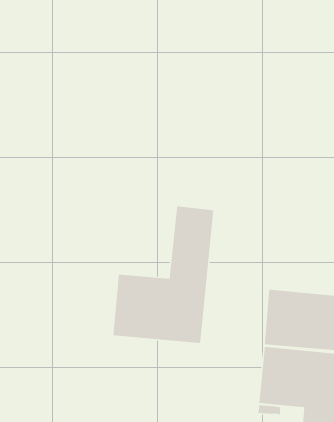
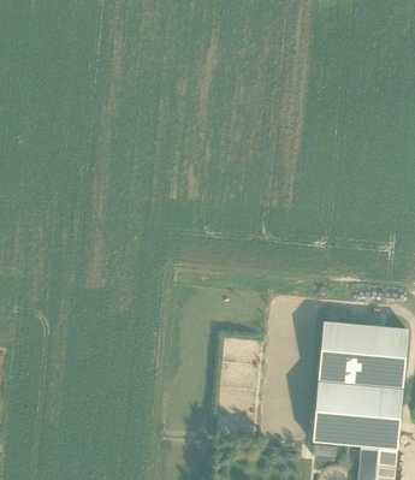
building: [112,205,214,344] -> none

